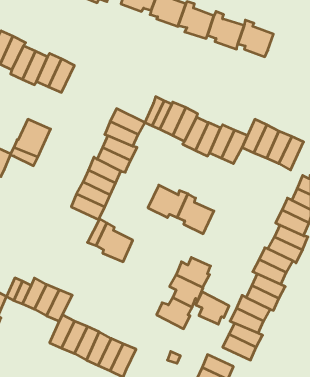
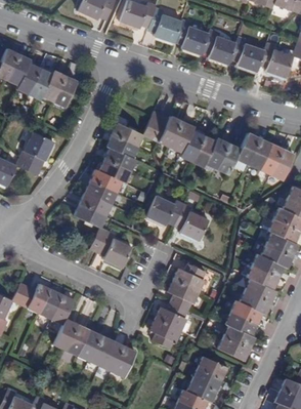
building: none -> [260,44,294,79]
building: [196,292,229,324] -> [148,318,180,349]

